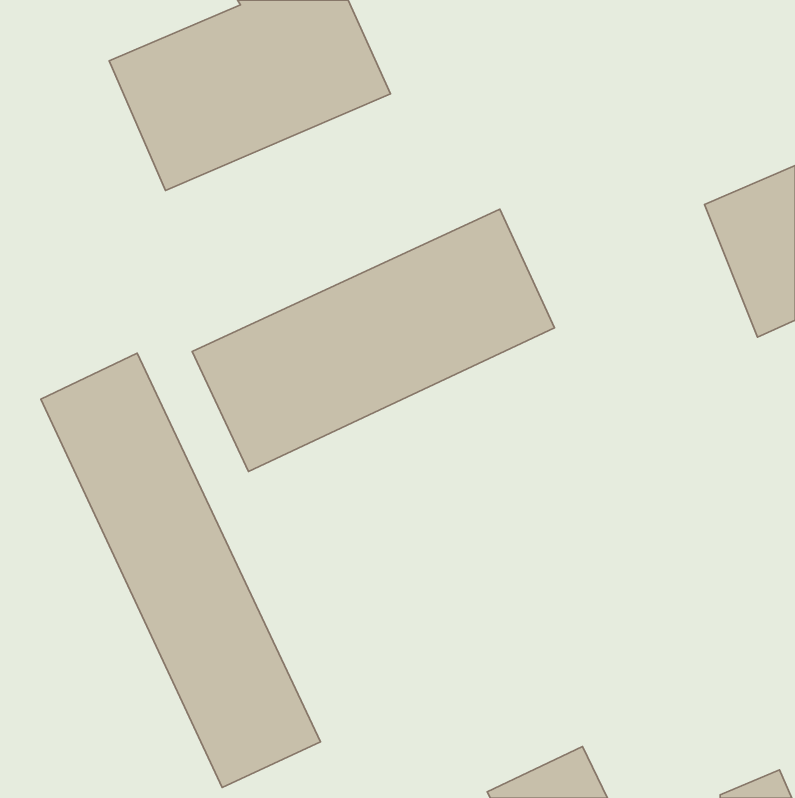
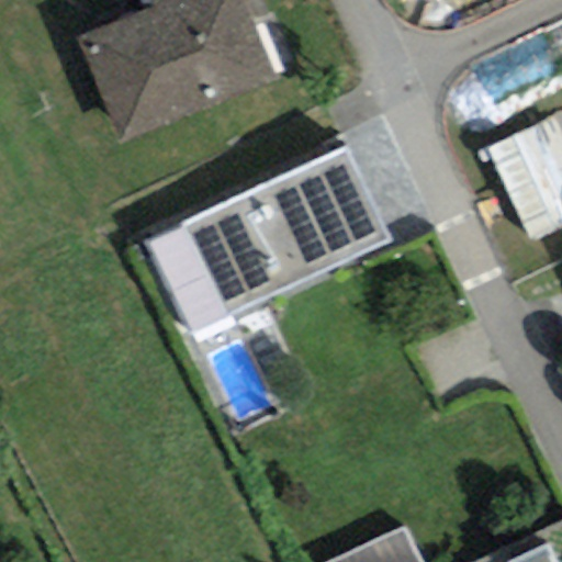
building: [41,353,320,788] -> none

